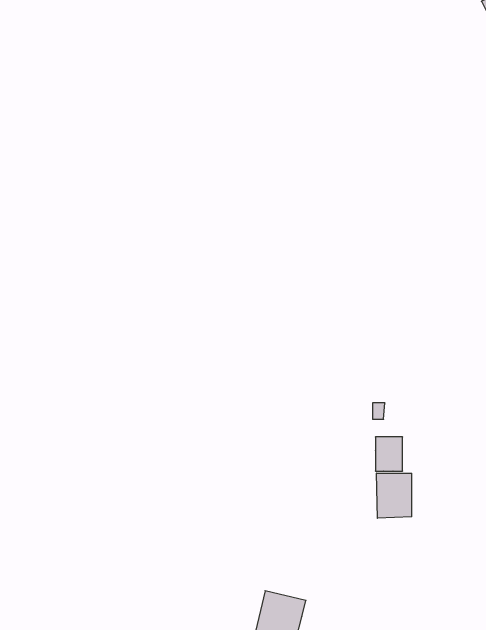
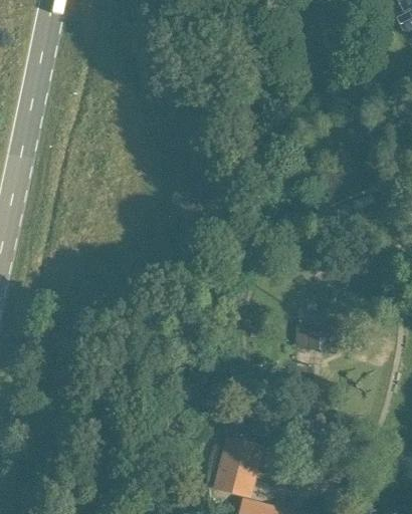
building: [377,473,412,518] -> none

